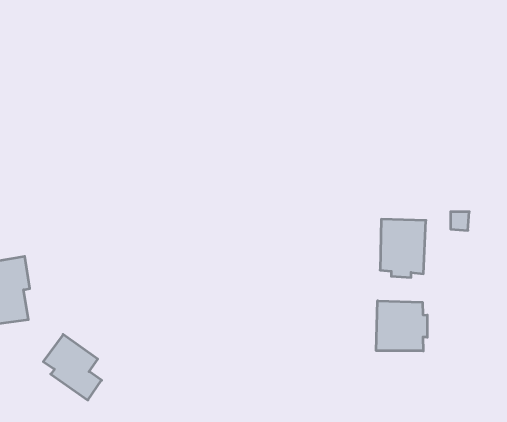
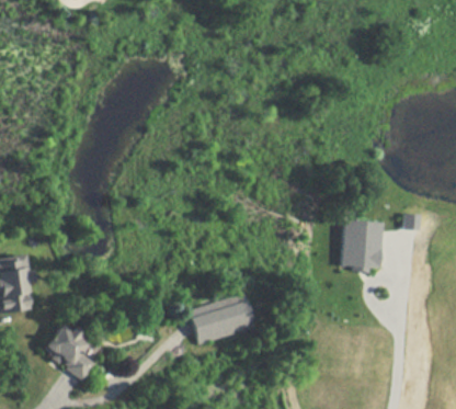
building: [376,301,427,351] -> none
building: none -> [190,293,255,344]

